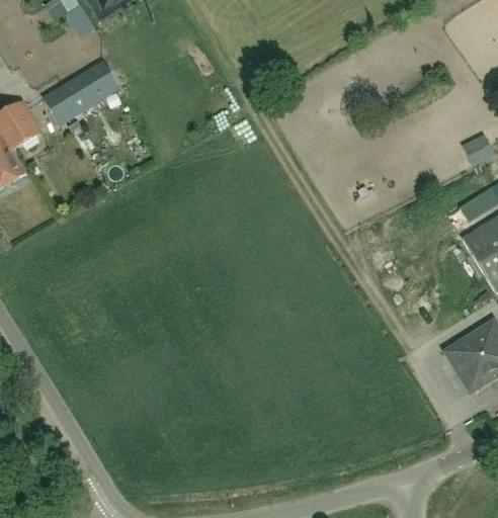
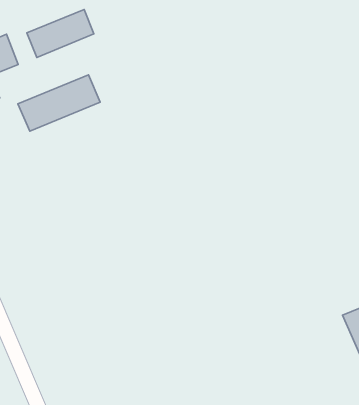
building: none -> [18,75,100,131]

